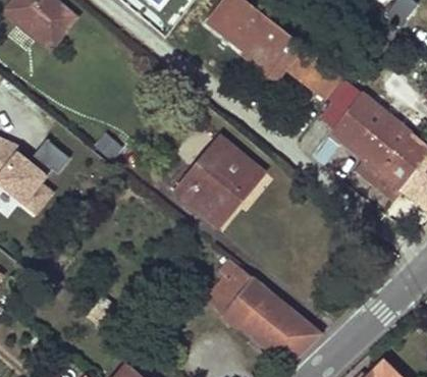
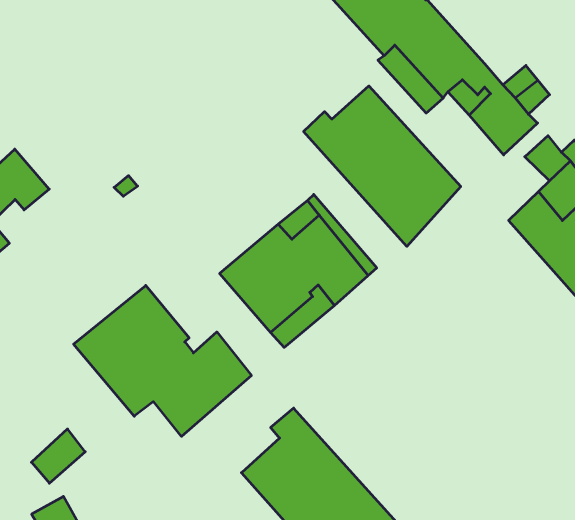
building: none -> [304,86,461,246]
building: none -> [74,285,251,436]

